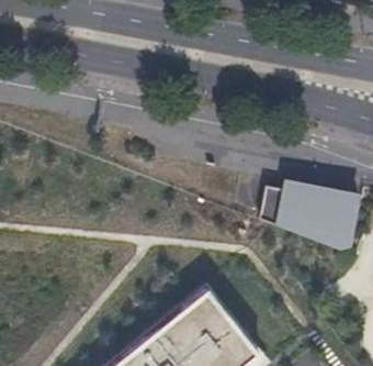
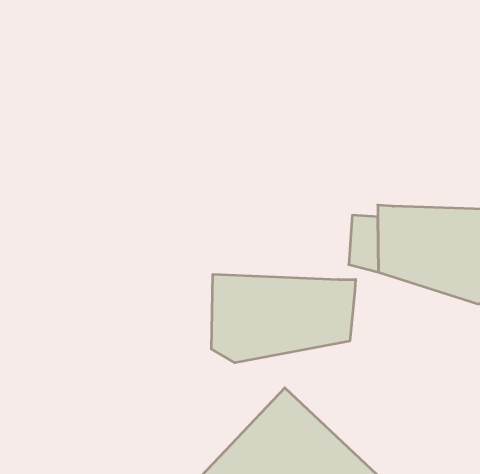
building: none -> [211,274,356,363]

